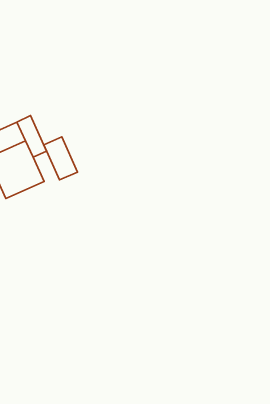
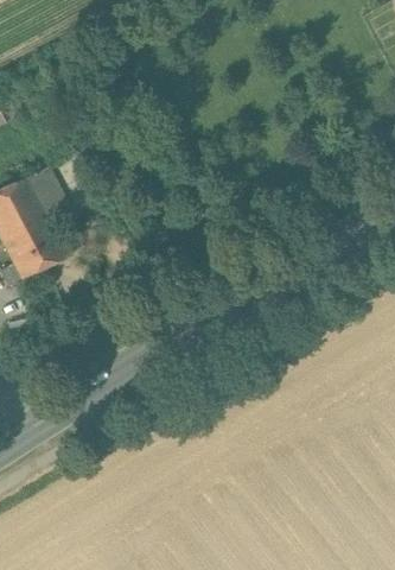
building: [44,137,78,180] -> none

